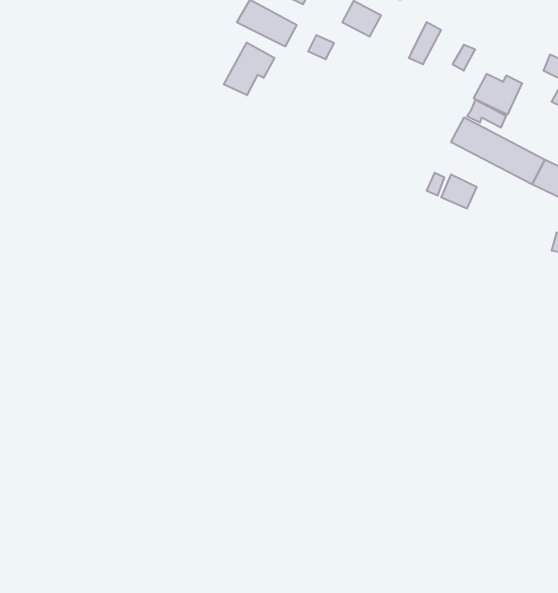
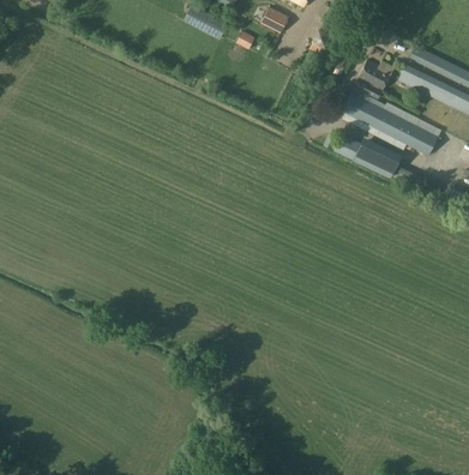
building: [224,42,274,95] -> none
building: none -> [355,139,403,178]

